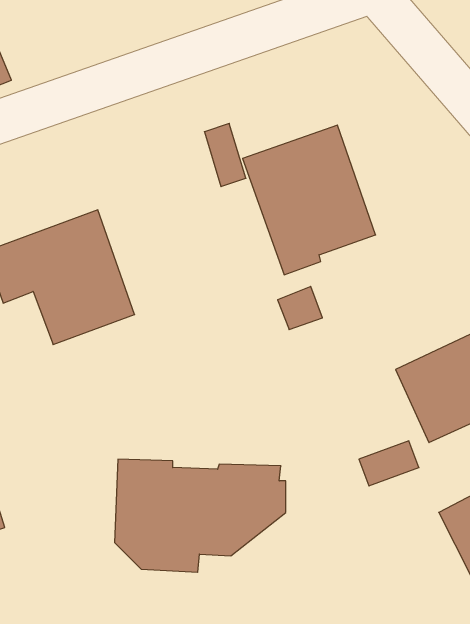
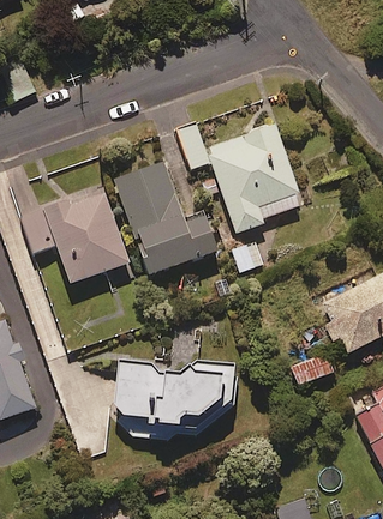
building: none -> [114,161,217,273]

